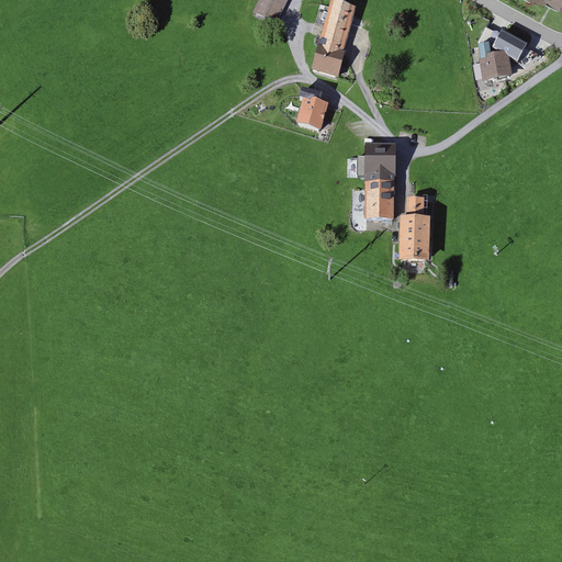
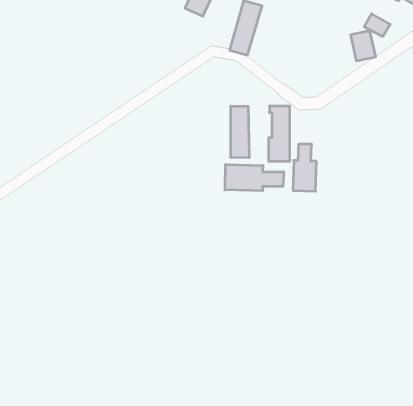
building: [295,88,327,130] -> none
building: none -> [231,106,249,158]
building: none -> [225,164,284,191]

